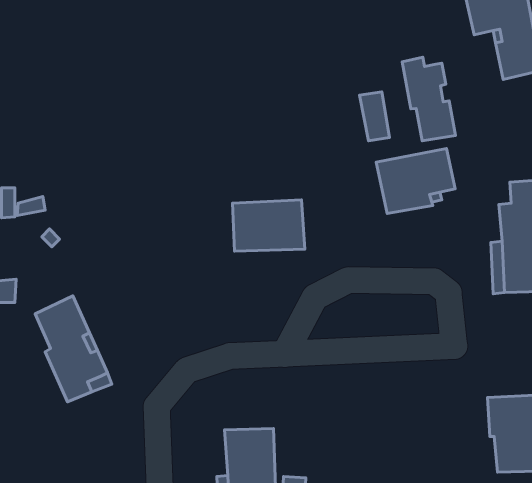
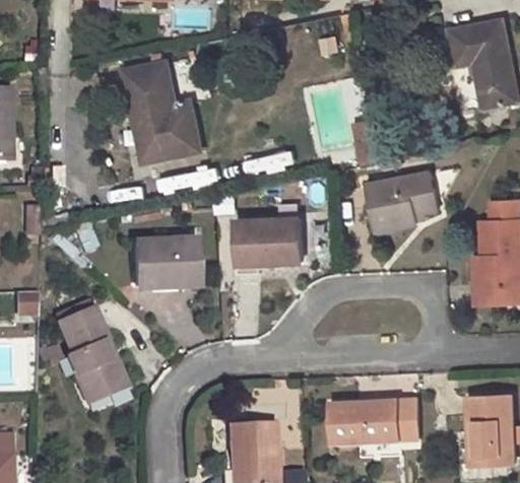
building: none -> [127,61,202,160]
building: [402,57,455,141] -> none
building: none -> [134,240,199,288]
building: none -> [331,400,421,442]

